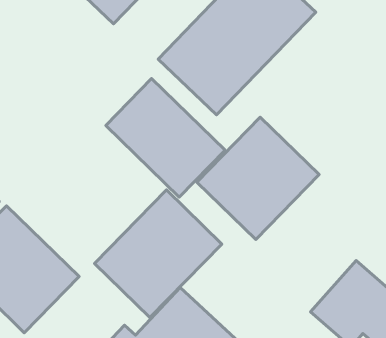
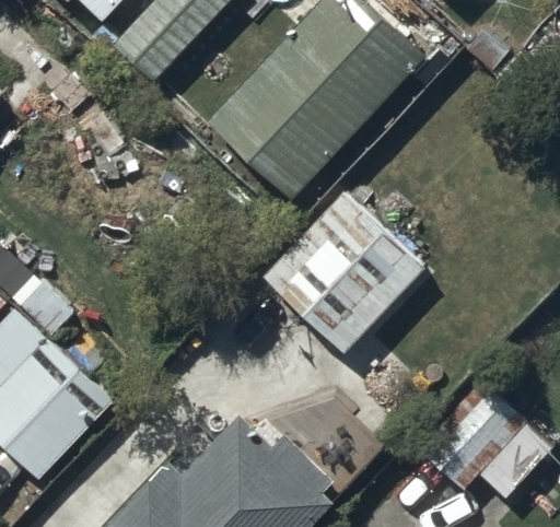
building: [106,79,225,197] -> none
building: [95,190,222,318] -> none

